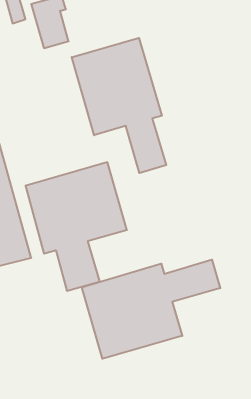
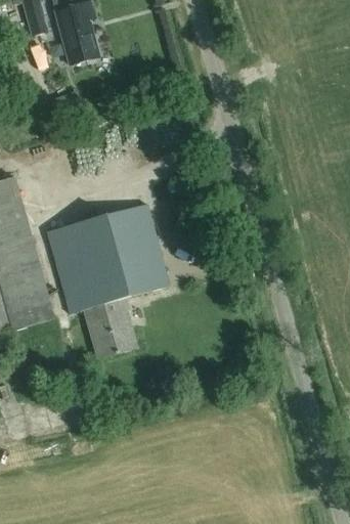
building: [72,38,166,173] -> none
building: [82,260,220,359] -> none

